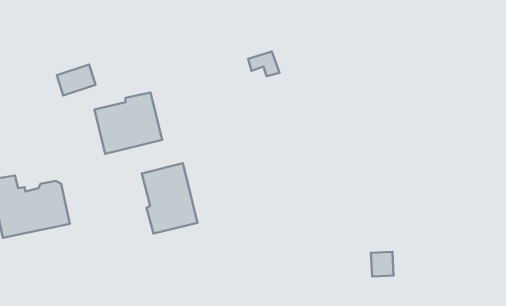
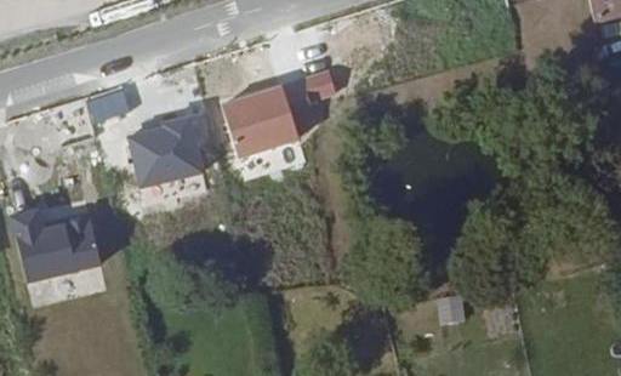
building: none -> [221,85,295,155]
building: [142,163,197,233] -> none

